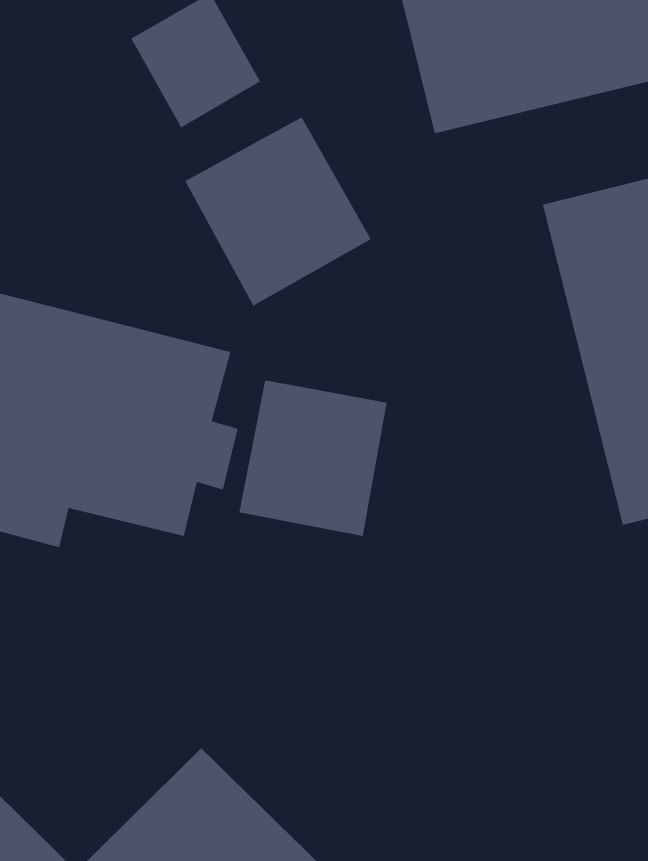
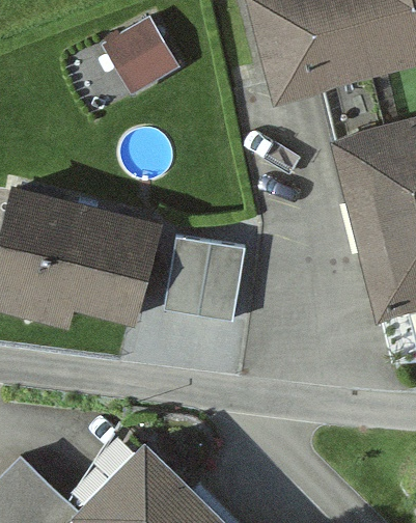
building: [185,116,372,306] -> none

